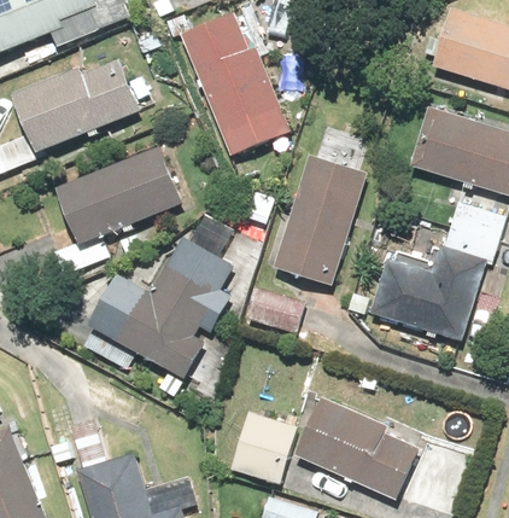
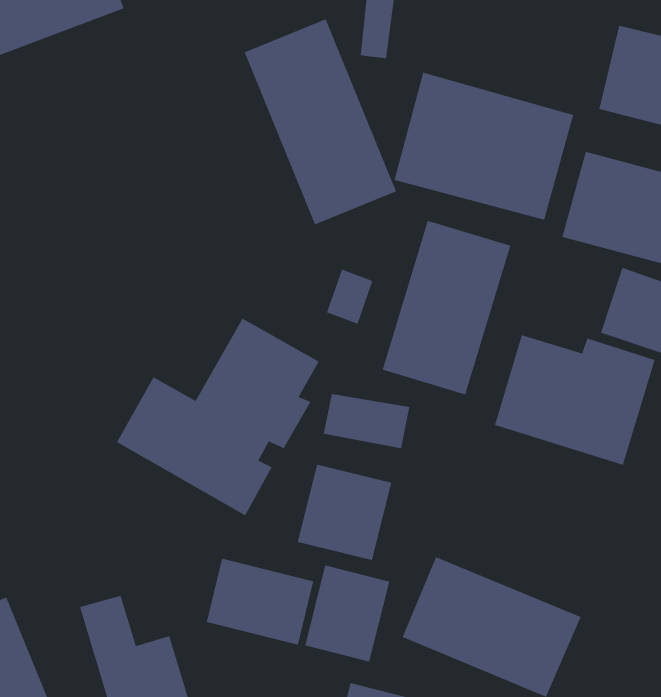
building: none -> [394,72,574,221]
building: [13,62,141,159] -> none
building: [59,151,187,249] -> none
building: none -> [297,464,392,561]
building: none -> [206,558,314,645]

